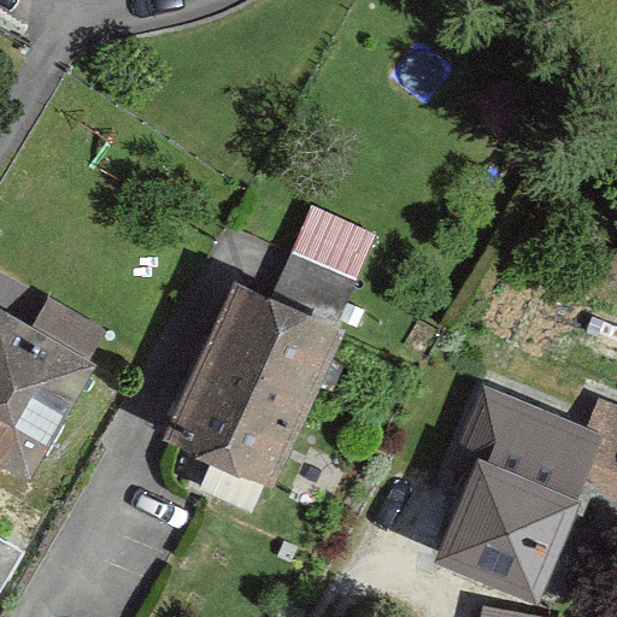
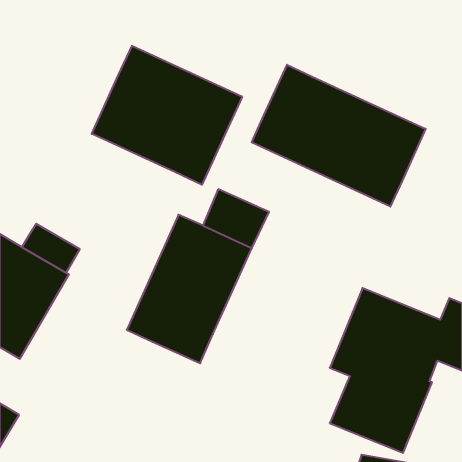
building: none -> [92,46,242,185]
building: none -> [252,65,426,207]

